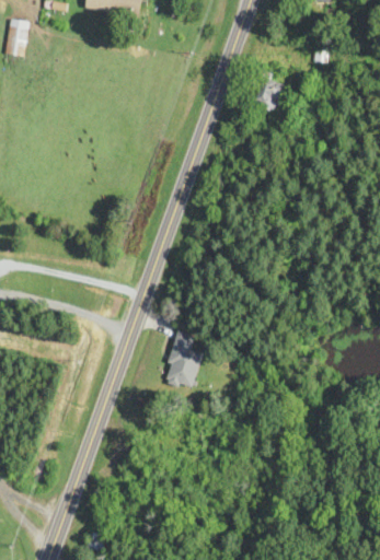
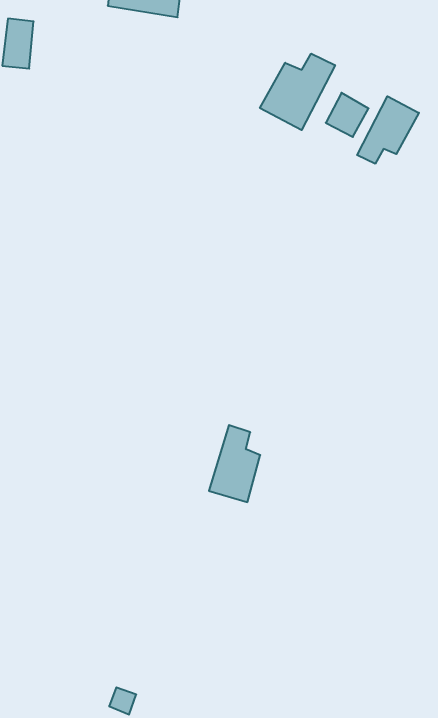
building: none -> [260,54,335,130]
building: none -> [357,96,419,164]

